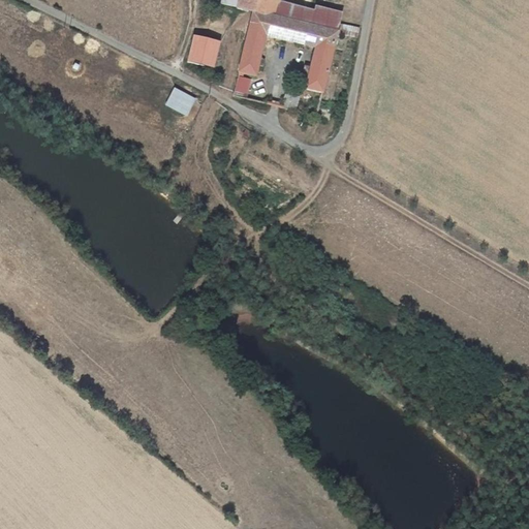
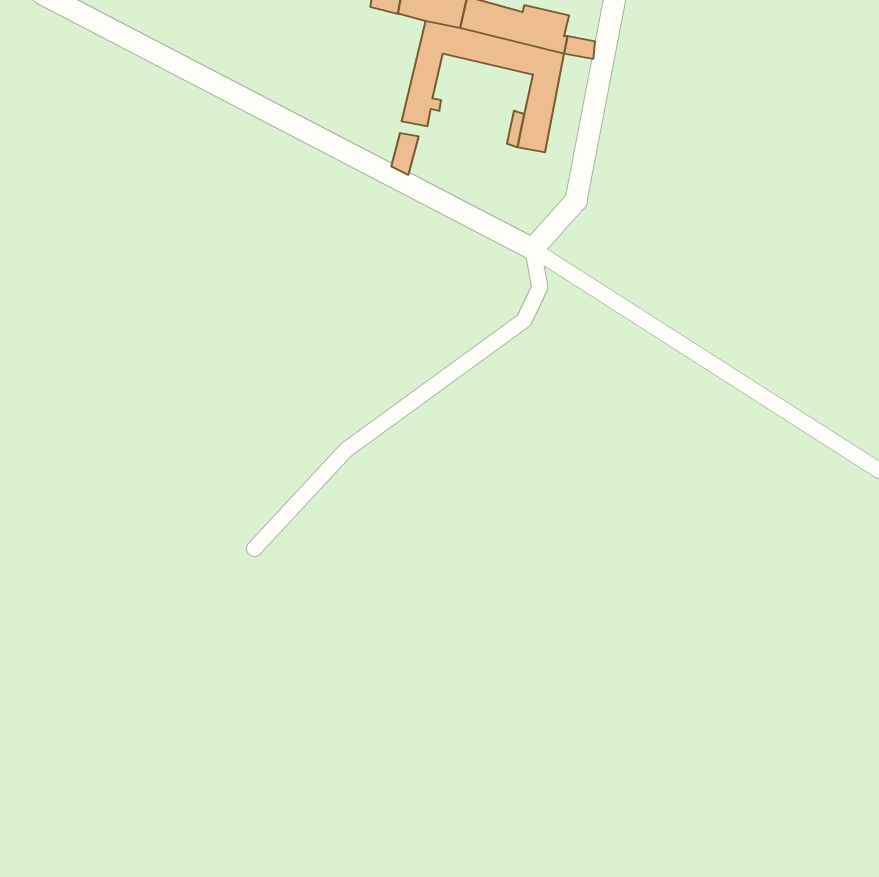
building: [186,32,216,62] -> none
building: [163,86,190,113] -> none

